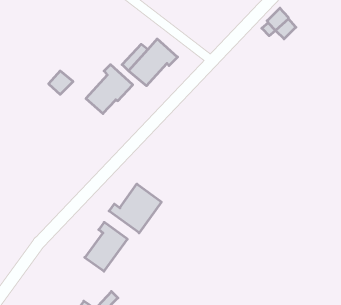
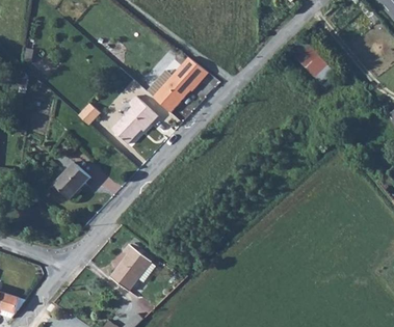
building: none -> [51,165,87,201]
building: [109,184,161,233] -> none

